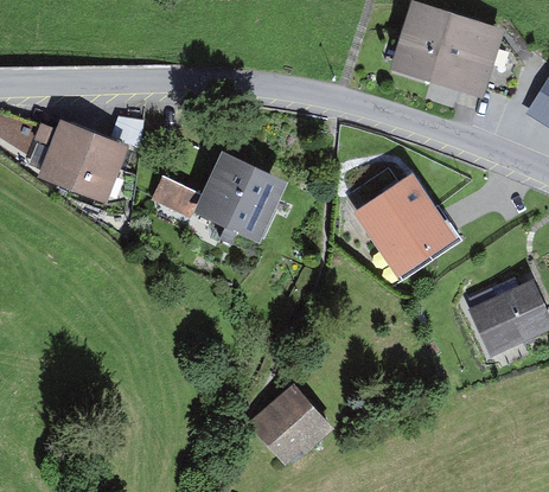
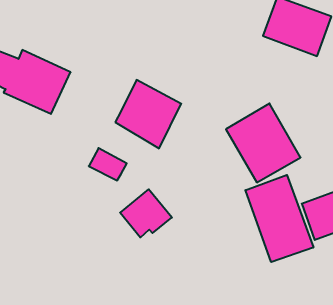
building: [149,174,203,218] -> [89,148,127,180]
building: none -> [245,175,313,262]
building: [254,388,327,456] -> [120,189,172,237]

